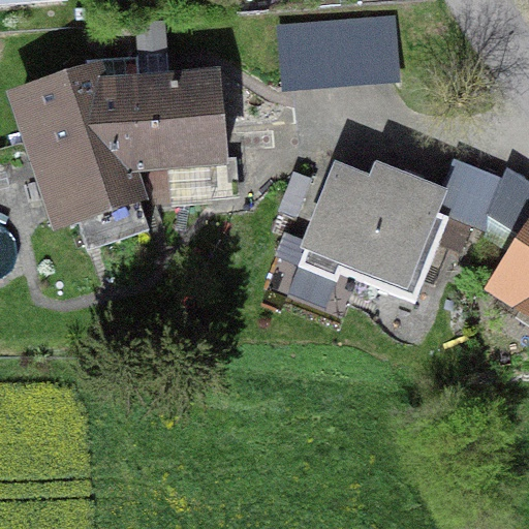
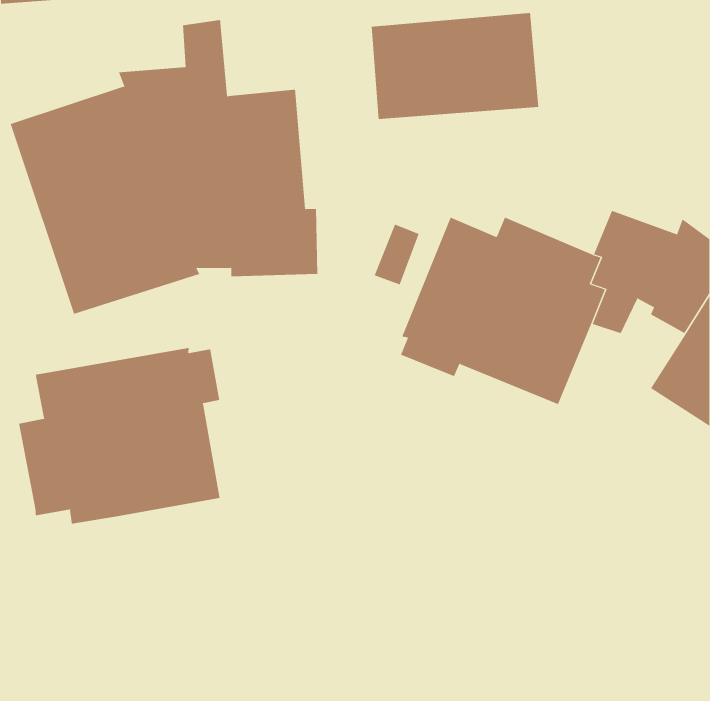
building: none -> [18,347,220,525]

